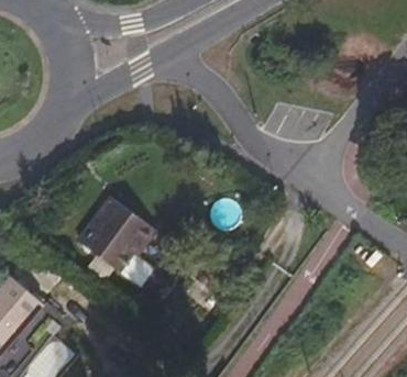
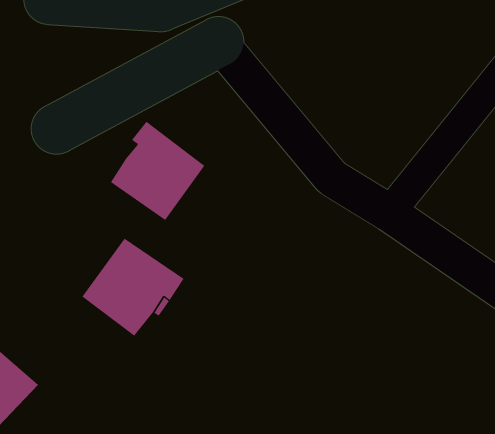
building: none -> [110,121,205,221]

